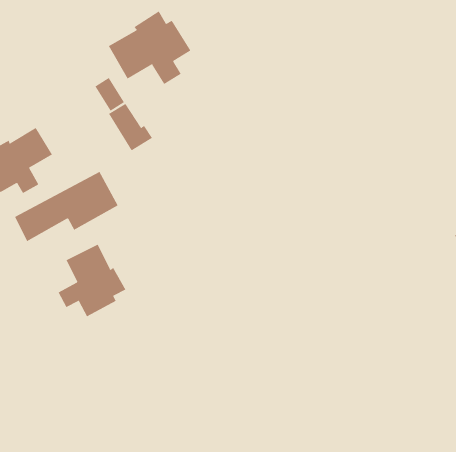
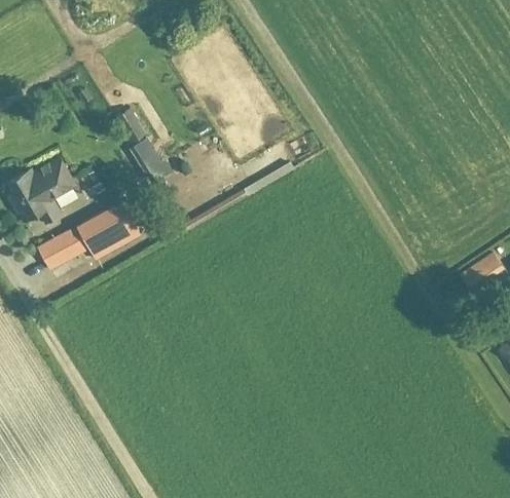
building: [108,10,191,85] -> none
building: [58,244,126,317] -> none

